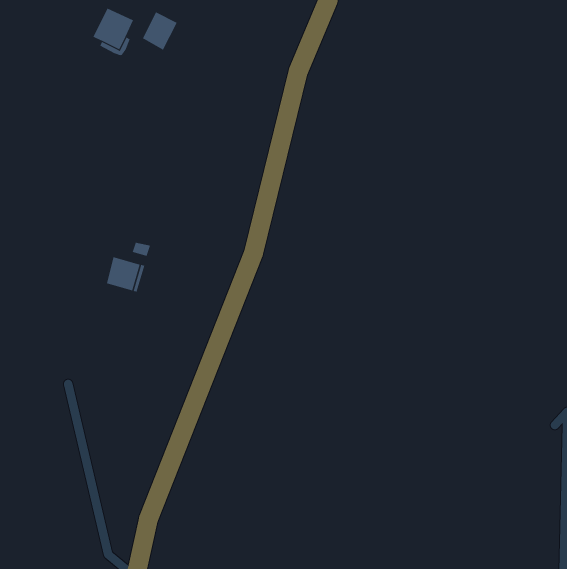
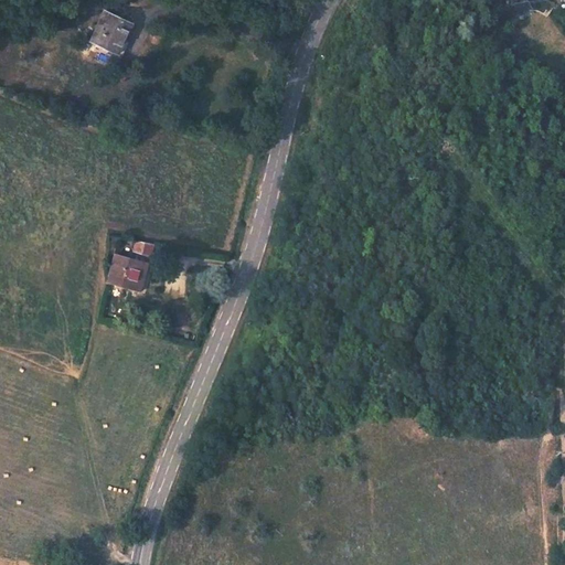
building: [142,11,177,50] -> none

